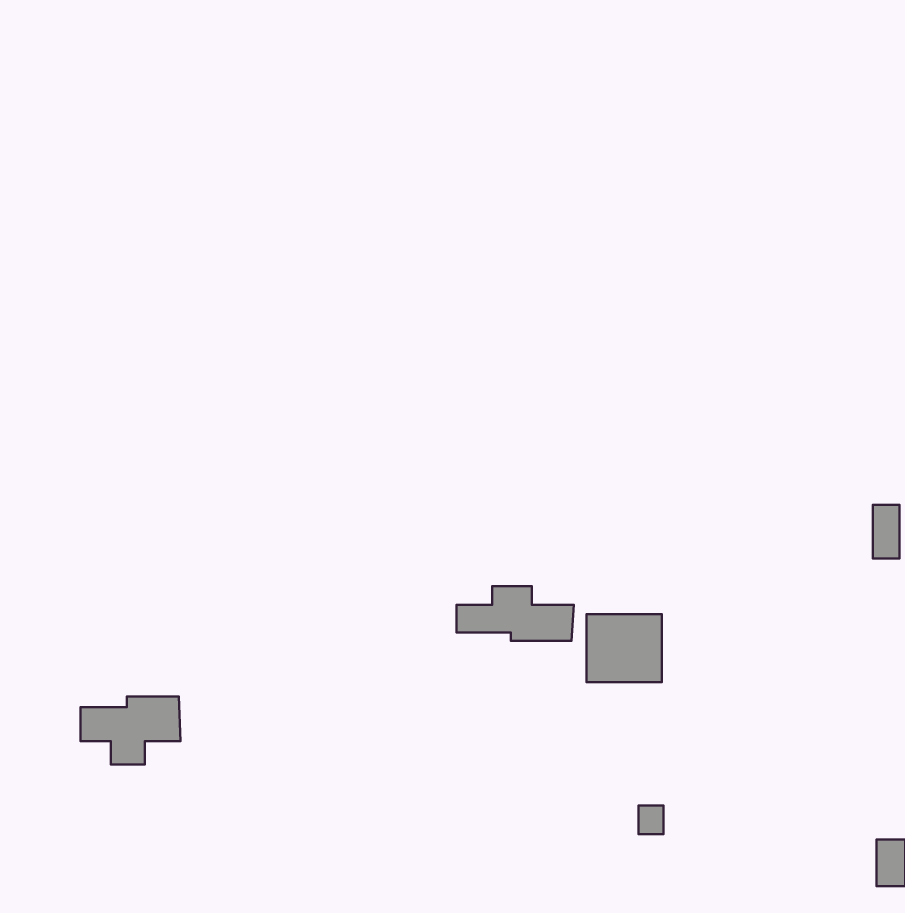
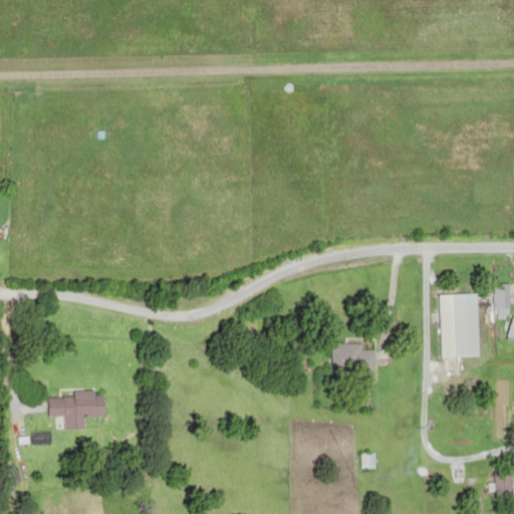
building: none -> [437,293,477,356]
building: [457,586,574,641] -> none

